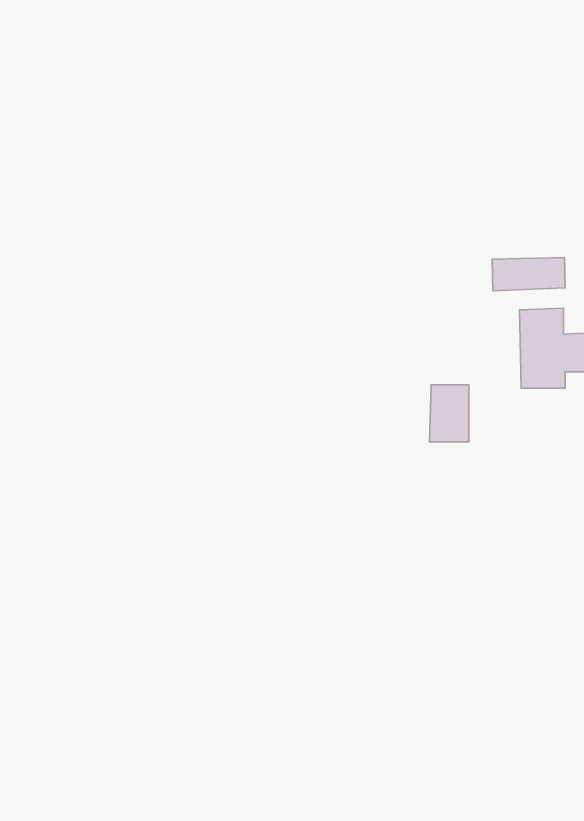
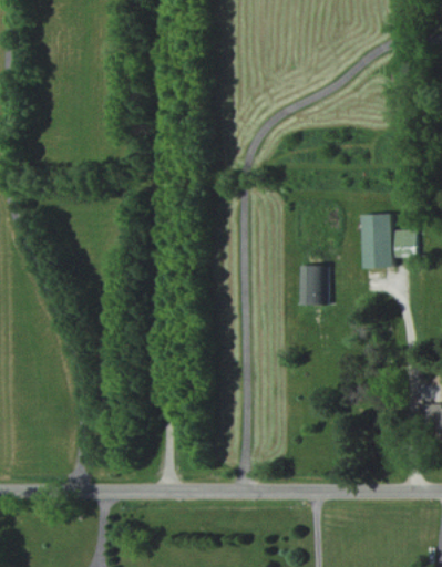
building: [492,258,565,291] -> none

